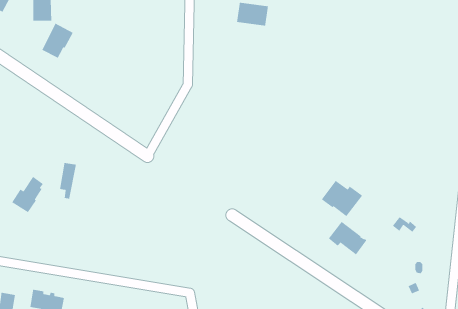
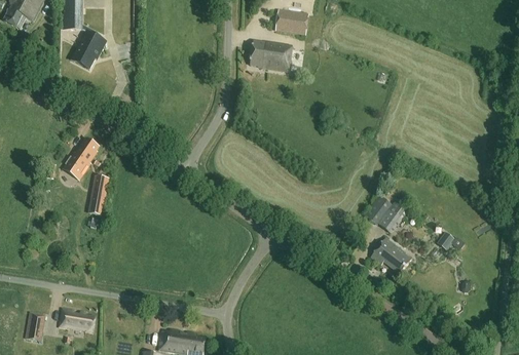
building: none -> [249,39,291,71]
building: [11,176,44,213] -> [64,136,98,175]

